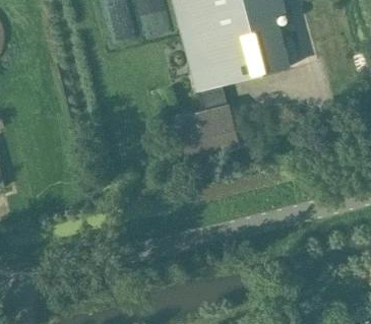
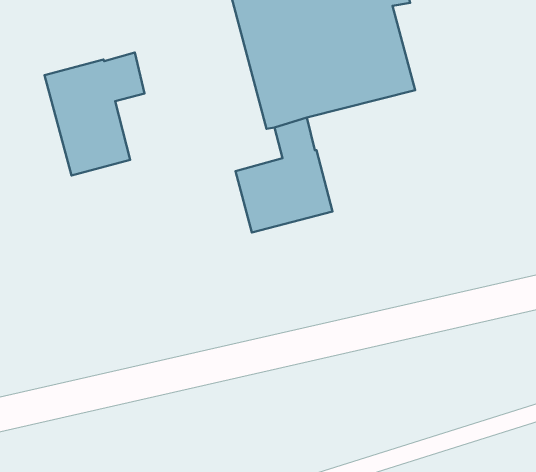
building: none -> [45,53,145,175]

